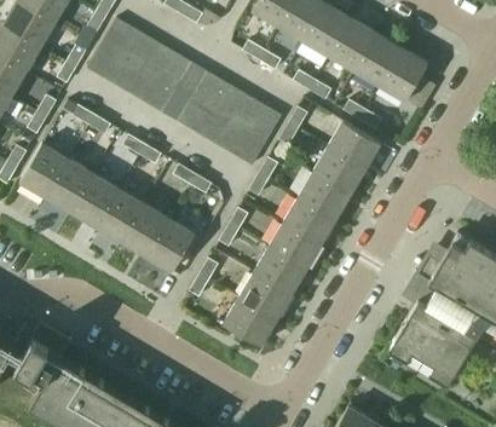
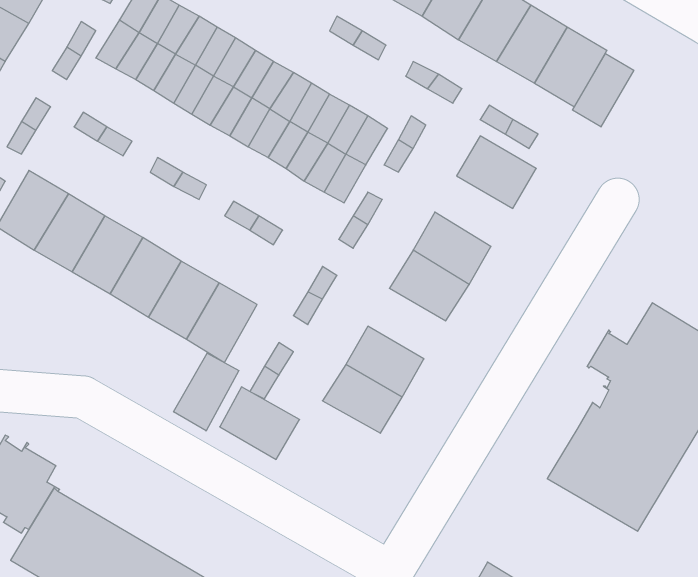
building: none -> [572,53,634,127]
building: [312,148,364,195] -> none
building: [267,223,319,270] -> none
building: none -> [174,353,239,431]
building: [223,298,276,346] -> [220,387,300,459]

